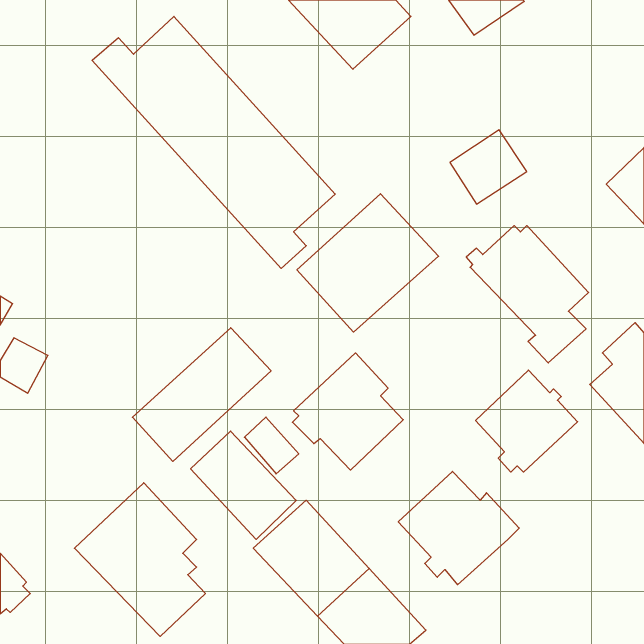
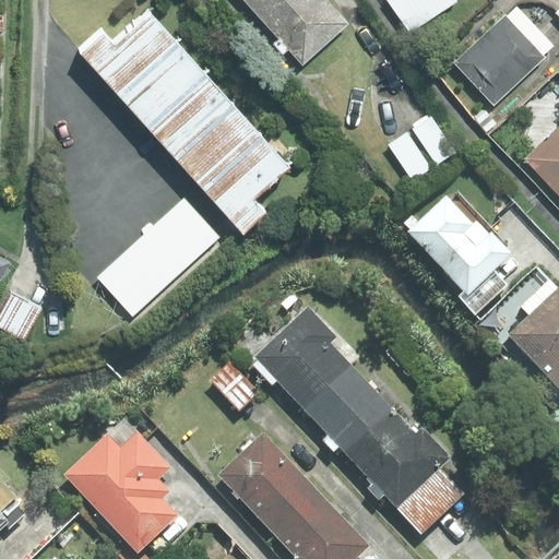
building: none -> [454,5,554,105]
building: [297,194,439,332] -> none
building: [132,328,271,461] -> [98,200,218,316]
building: [476,370,578,472] -> [304,364,392,452]
building: [191,431,296,539] -> none
building: none -> [396,467,464,533]

